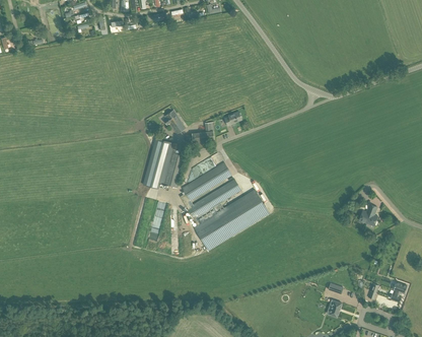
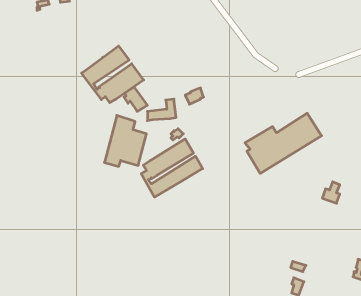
building: none -> [82,46,144,103]
building: [193,189,269,249] -> [245,113,322,173]

